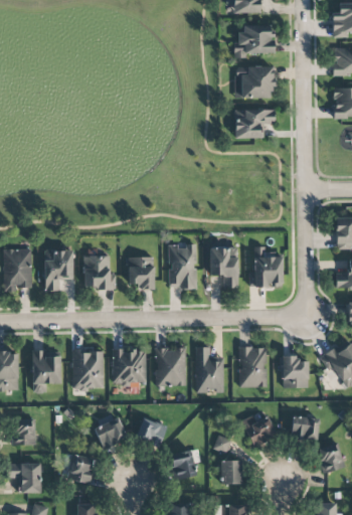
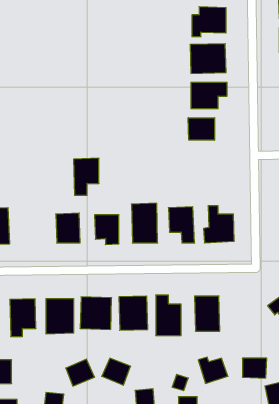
building: none -> [188,118,215,140]
building: [44,249,72,291] -> [74,158,99,195]
building: [282,355,309,387] -> none

